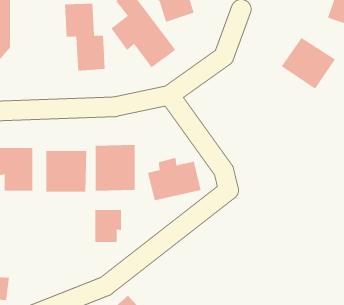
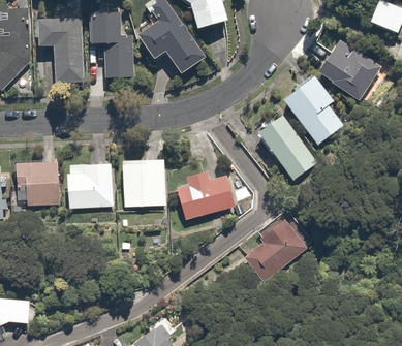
building: none -> [36,18,85,83]
building: none -> [284,76,342,146]
building: none -> [258,112,317,176]
building: none -> [245,218,308,282]
building: [95,209,122,243] -> none

